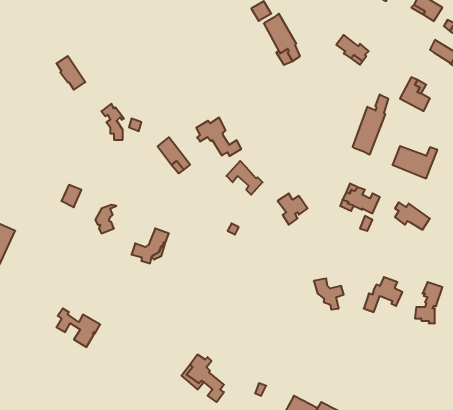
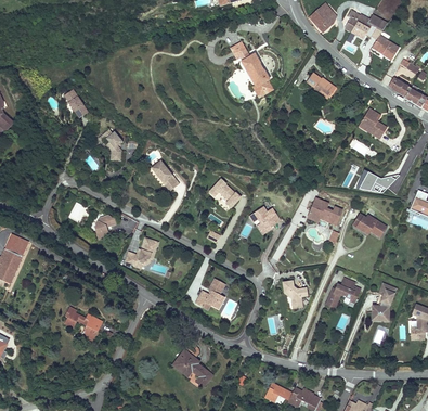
building: [353,94,388,155] -> none
building: [196,117,241,156] -> none
building: none -> [199,278,230,306]

